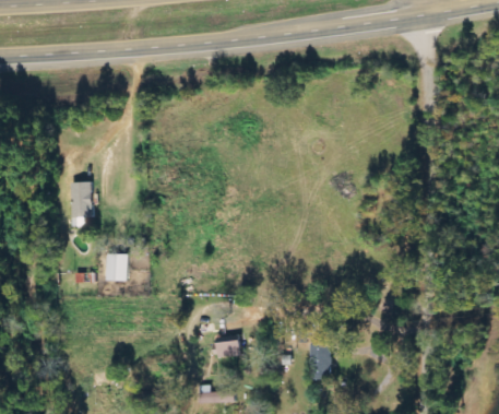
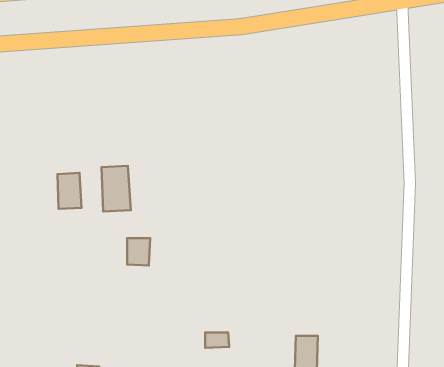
building: none -> [102,166,131,212]
building: [105,255,128,282] -> [127,238,150,266]

